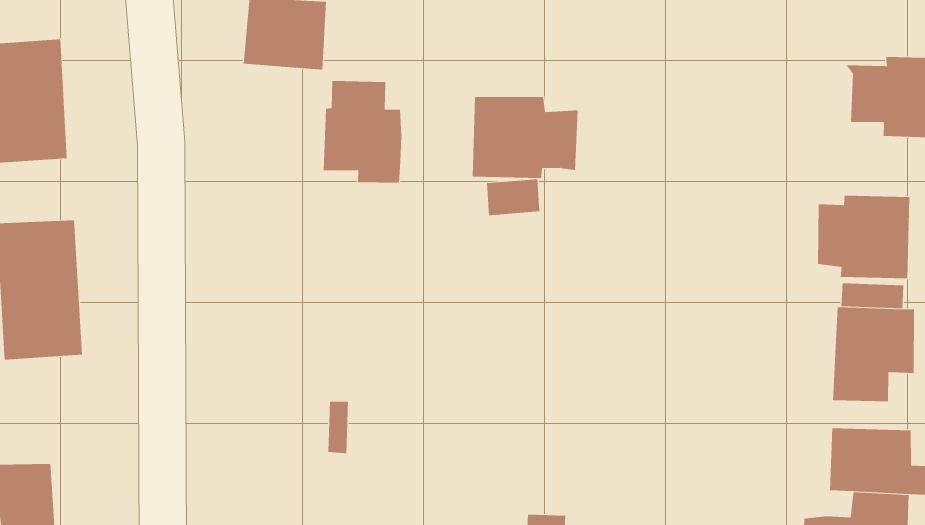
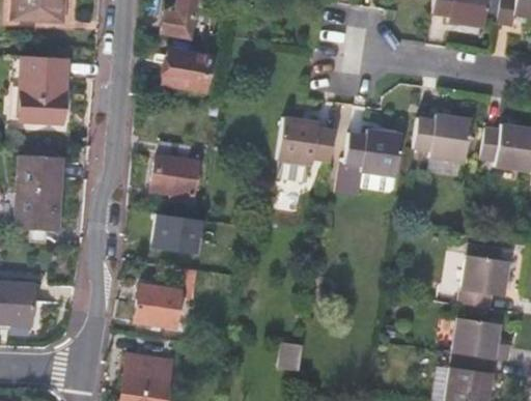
building: [323,80,402,183] -> [151,144,197,203]
building: none -> [342,131,402,194]
building: [817,195,910,279] -> [413,111,467,160]
building: none -> [152,213,206,255]
building: none -> [136,288,179,327]

